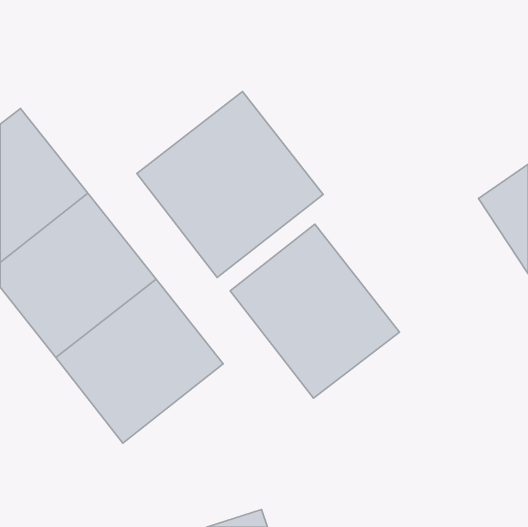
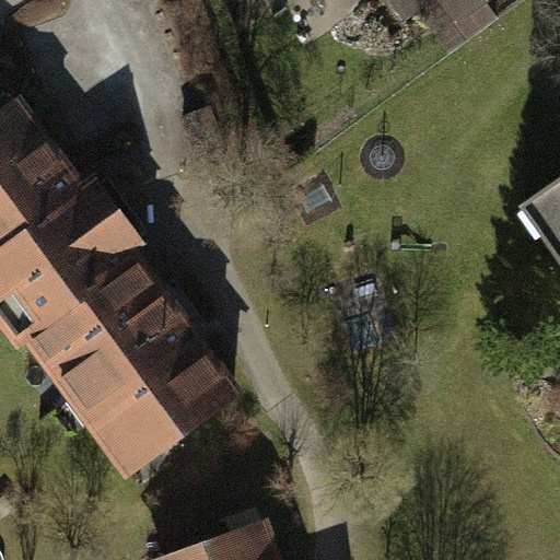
building: [137,92,323,278] -> none
building: [230,224,400,398] -> none

